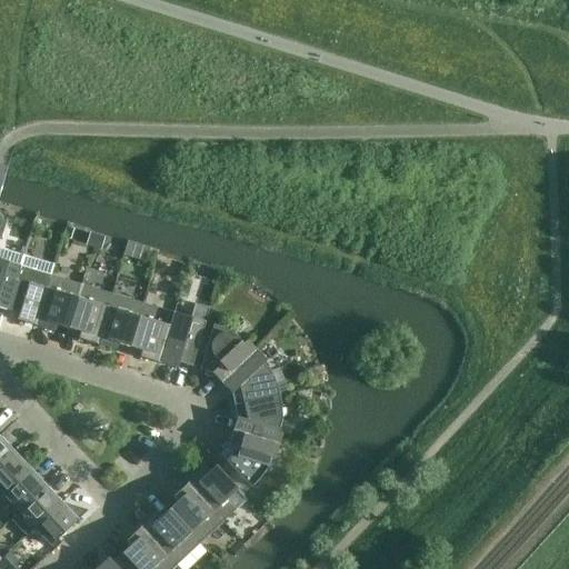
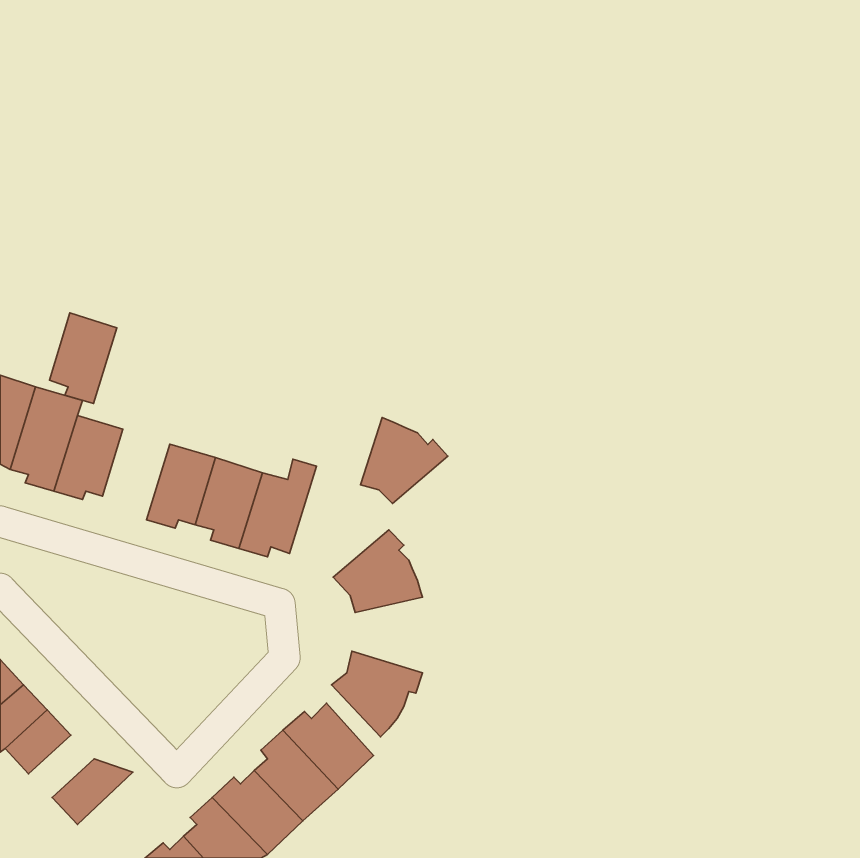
building: [68,283,112,343] -> [50,313,117,404]
building: [199,325,257,381] -> [360,418,448,503]
building: [232,395,282,445] -> none
building: [11,486,62,535] -> none

